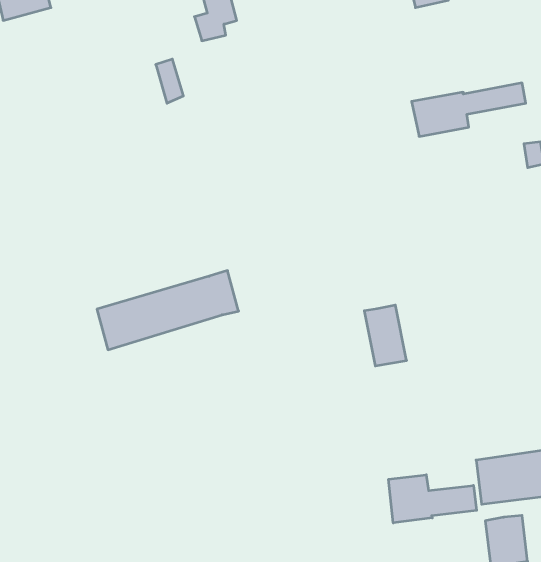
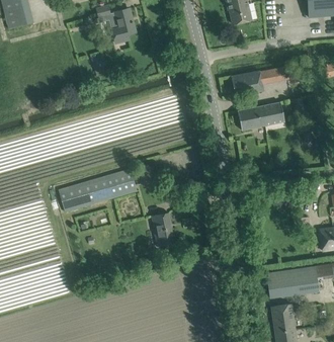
building: none -> [237,102,283,131]
building: [364,305,407,366] -> [151,212,174,246]
building: [389,475,477,523] -> none

